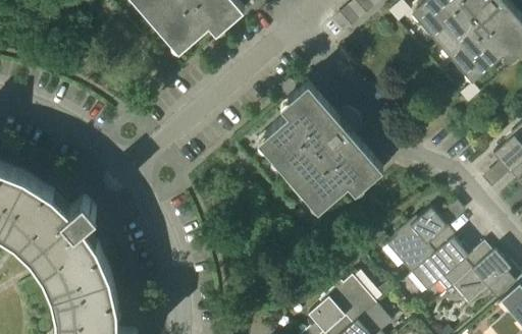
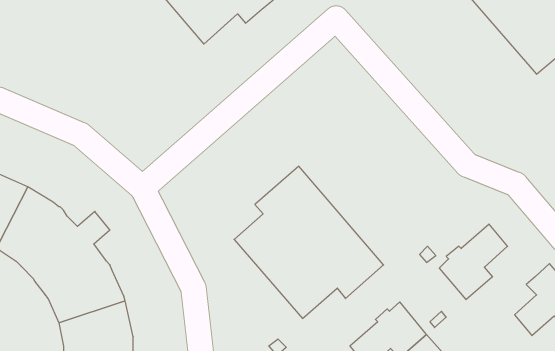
building: [258,79,389,213] -> [234,166,384,318]
building: [410,230,472,295] -> none

